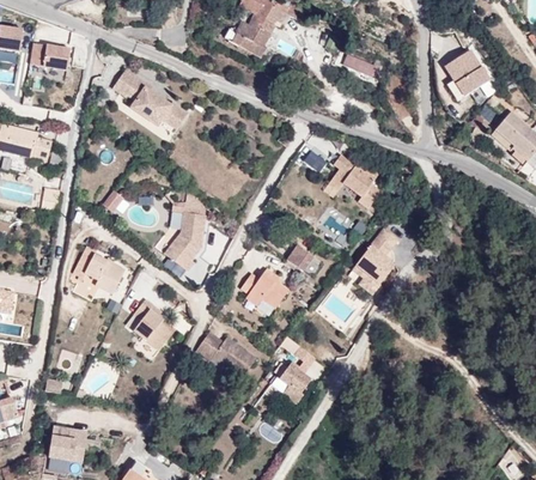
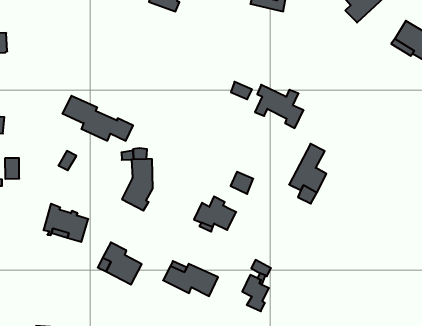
building: [112,69,188,129] -> [62,96,133,141]

